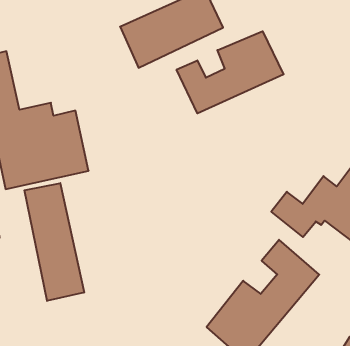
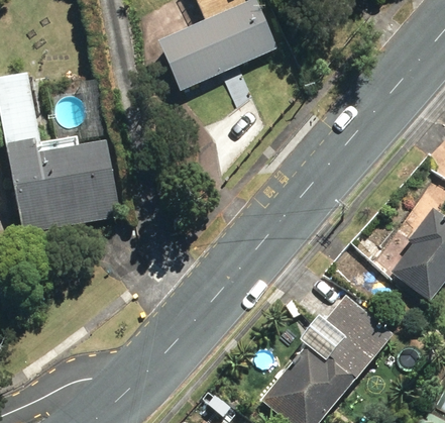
building: [177,31,284,113] -> none
building: [24,183,84,301] -> none

